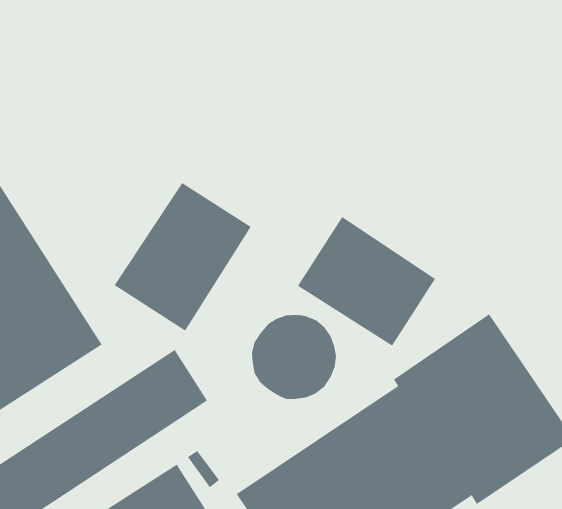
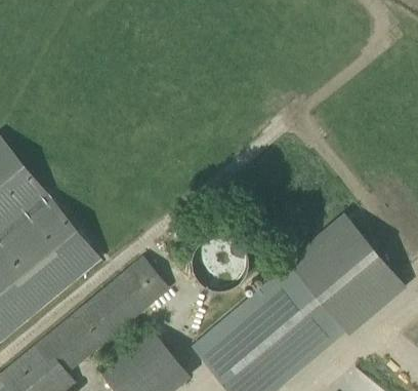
building: [114,182,251,331] -> none
building: [297,216,436,346] -> none

